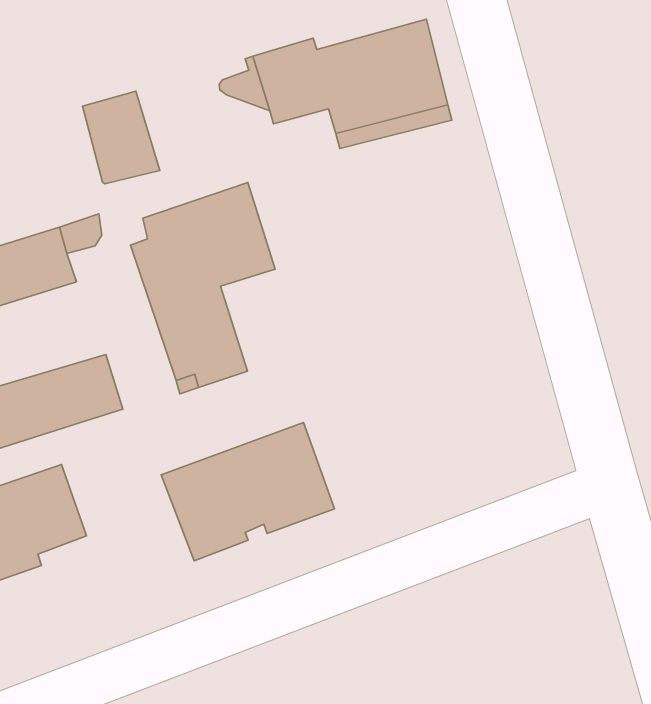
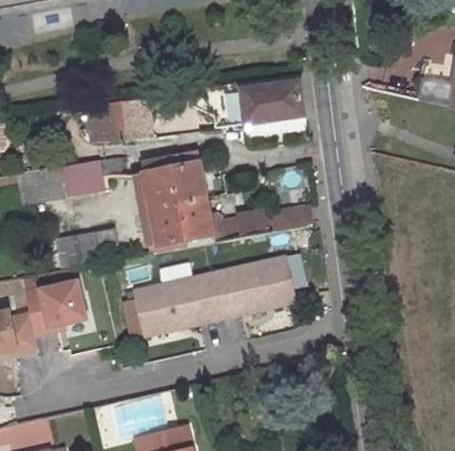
building: none -> [87,99,124,140]
building: none -> [177,195,312,245]
building: none -> [210,258,295,321]

